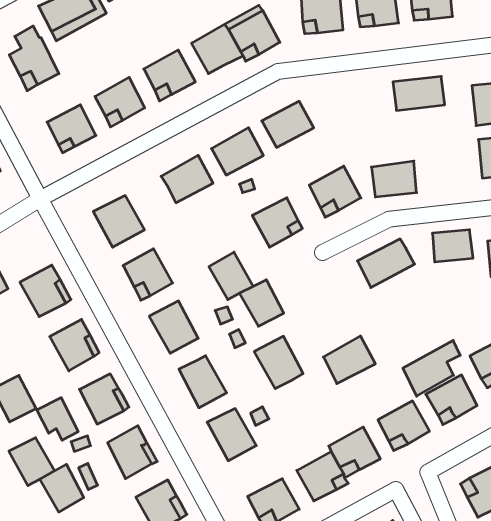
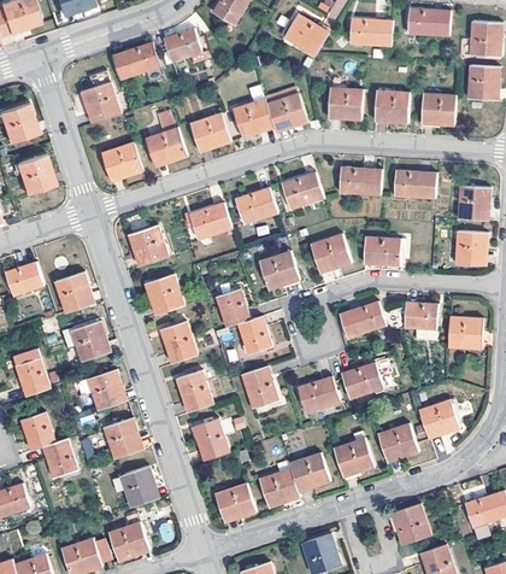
building: none -> [339,168,381,193]
building: [403,340,460,396] -> [341,357,390,398]
building: [37,398,78,440] -> none

